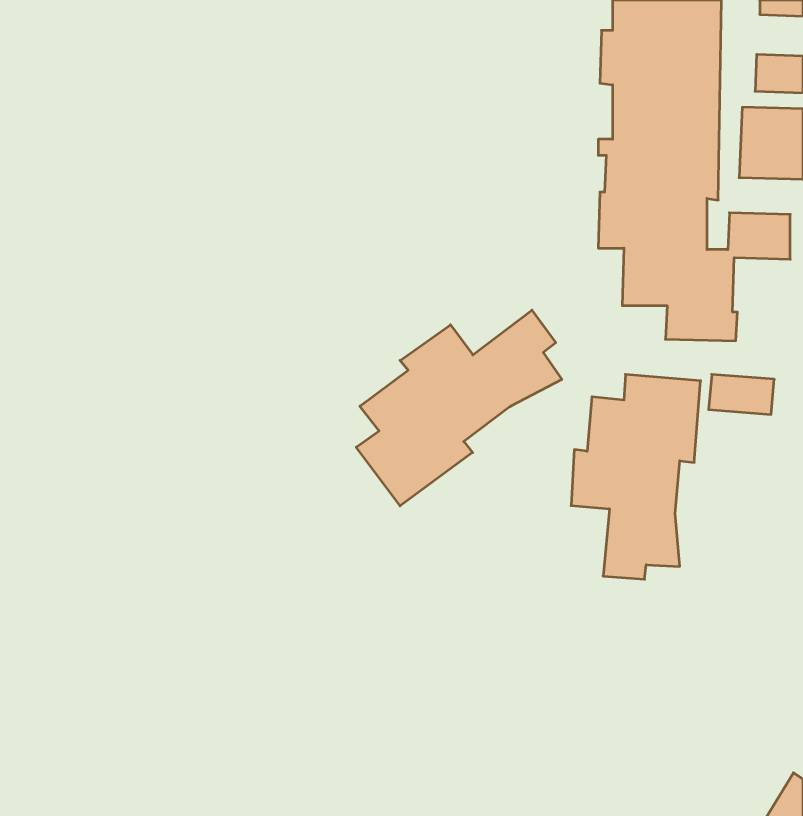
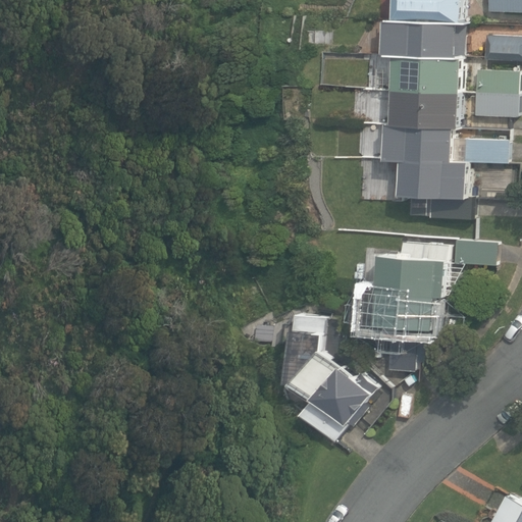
building: [356,310,562,506] -> none
building: none -> [284,314,373,440]

